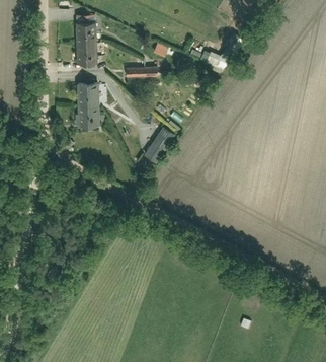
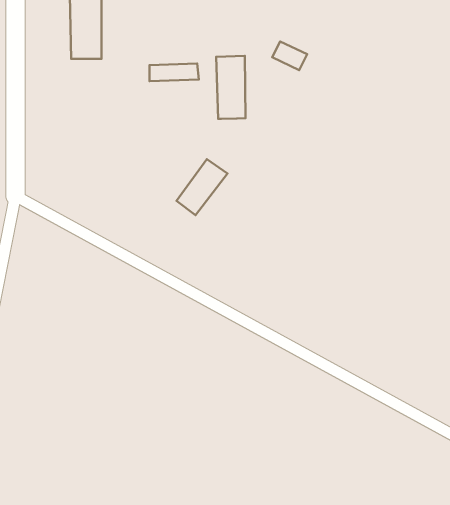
building: none -> [216,56,245,119]
building: [77,83,99,127] -> none

